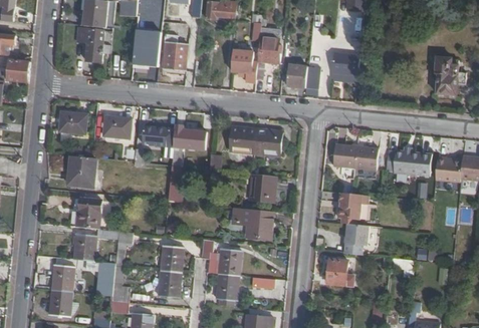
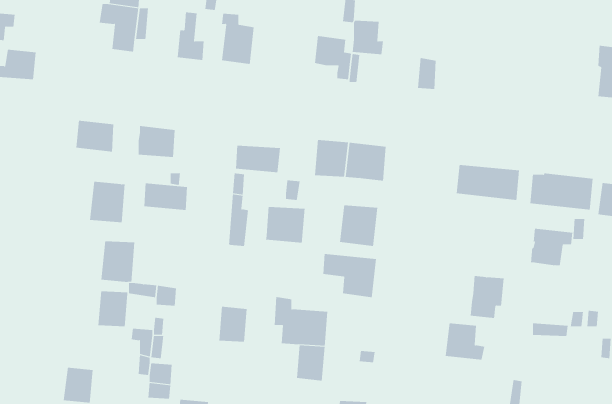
building: [329,52,357,74] -> none
building: [286,64,306,88] -> none
building: [142,126,174,146] -> [143,183,188,211]
building: none -> [265,206,305,244]
building: [337,192,369,219] -> [530,228,573,266]
building: [51,265,73,292] -> none
building: [158,271,180,297] -> none

